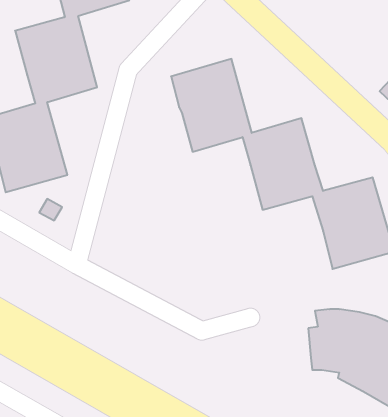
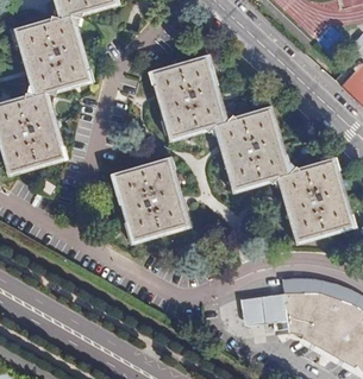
building: none -> [113,160,184,240]
building: none -> [240,293,277,323]

